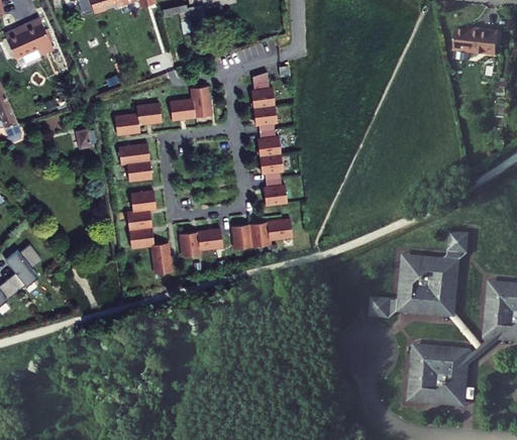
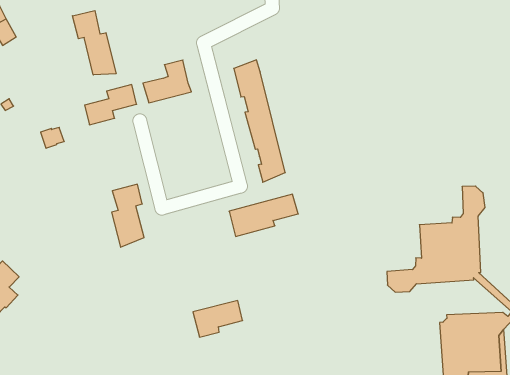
building: none -> [72,11,116,75]
building: [251,72,274,99] -> none
building: [119,143,153,181] -> none
building: [180,228,223,256] -> [193,301,243,337]
building: [152,242,173,273] -> none

